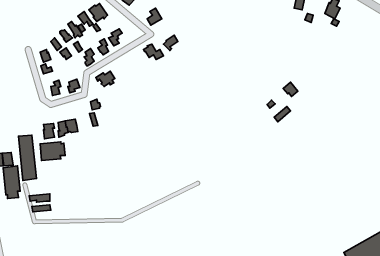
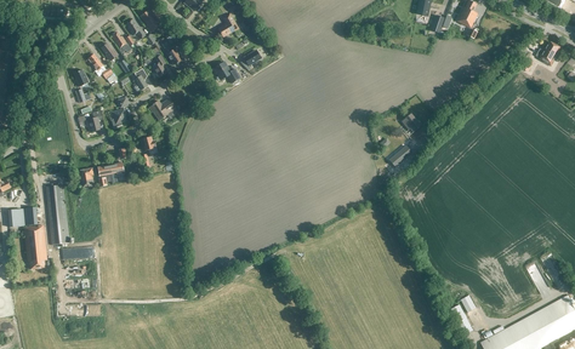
building: [40,142,65,160] -> none

